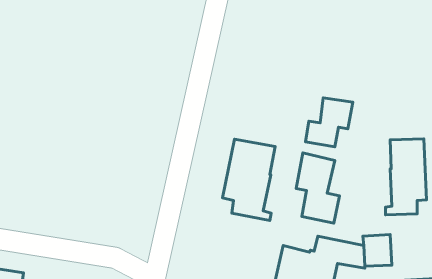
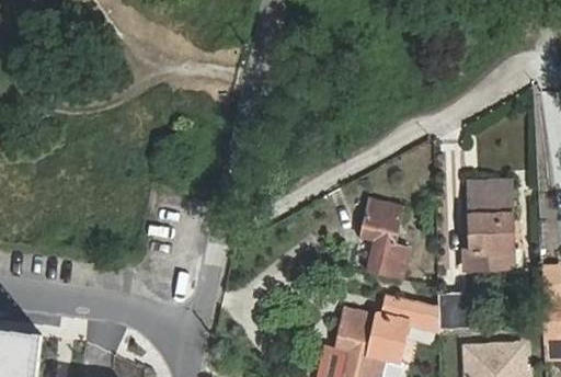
building: [306,98,353,147] -> none
building: [222,139,275,220] -> none

